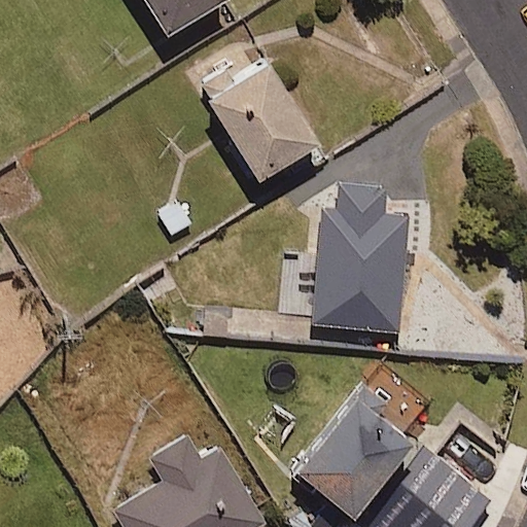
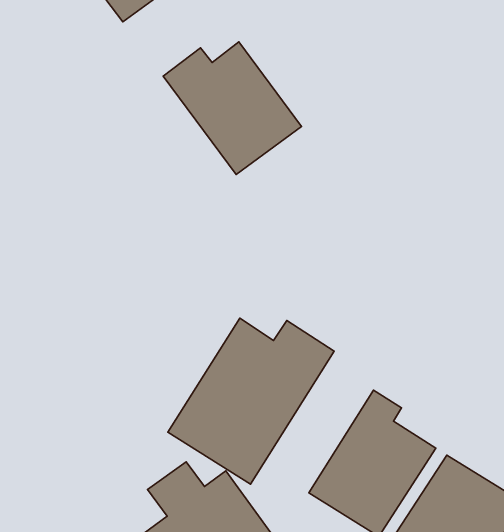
building: [315,184,408,328] -> none
building: none -> [168,318,334,484]

